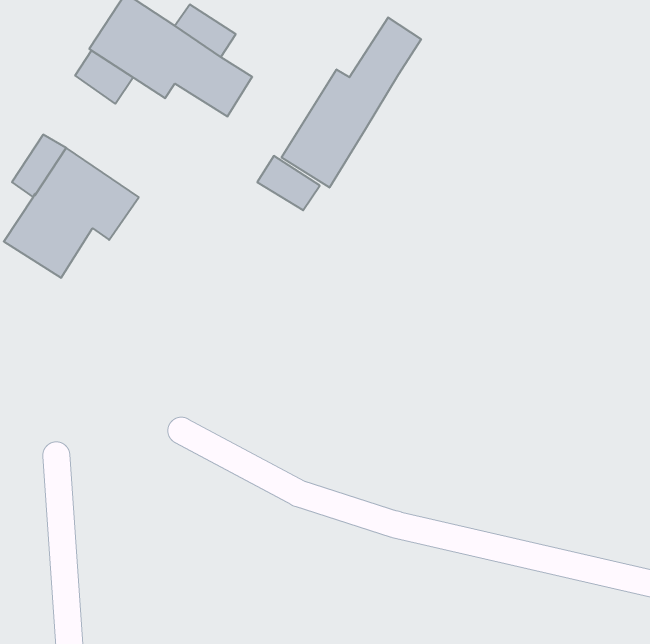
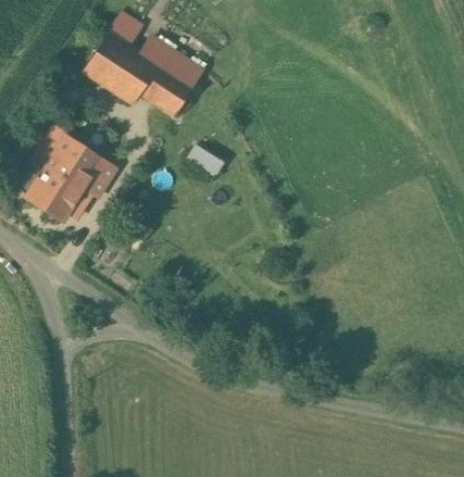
building: [282,17,421,188] -> none
building: [75,50,133,104] -> none

